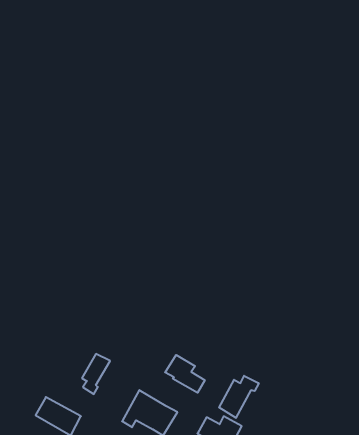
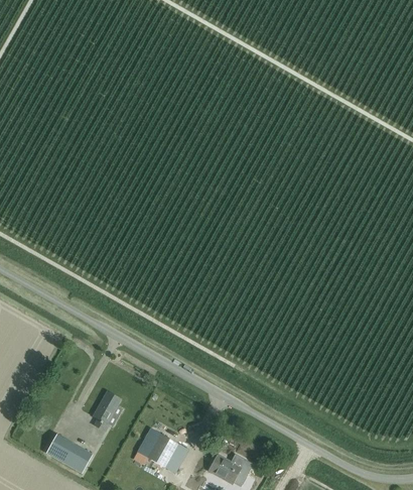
building: [165,355,205,393] -> none
building: [219,376,259,418] -> none

